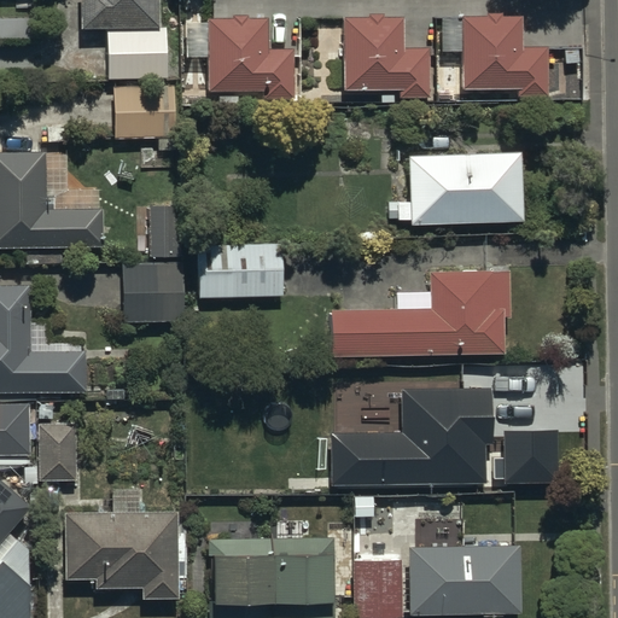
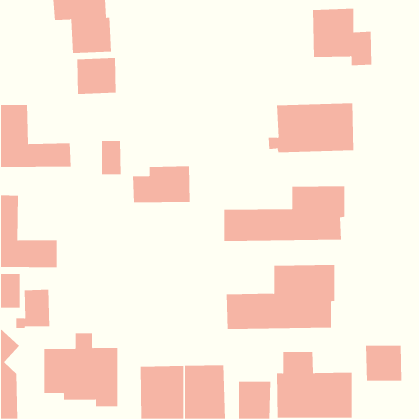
building: [206,17,292,98] -> none
building: [343,17,430,97] -> none
building: [122,263,181,321] -> none
building: [506,428,560,482] -> [365,345,402,381]

